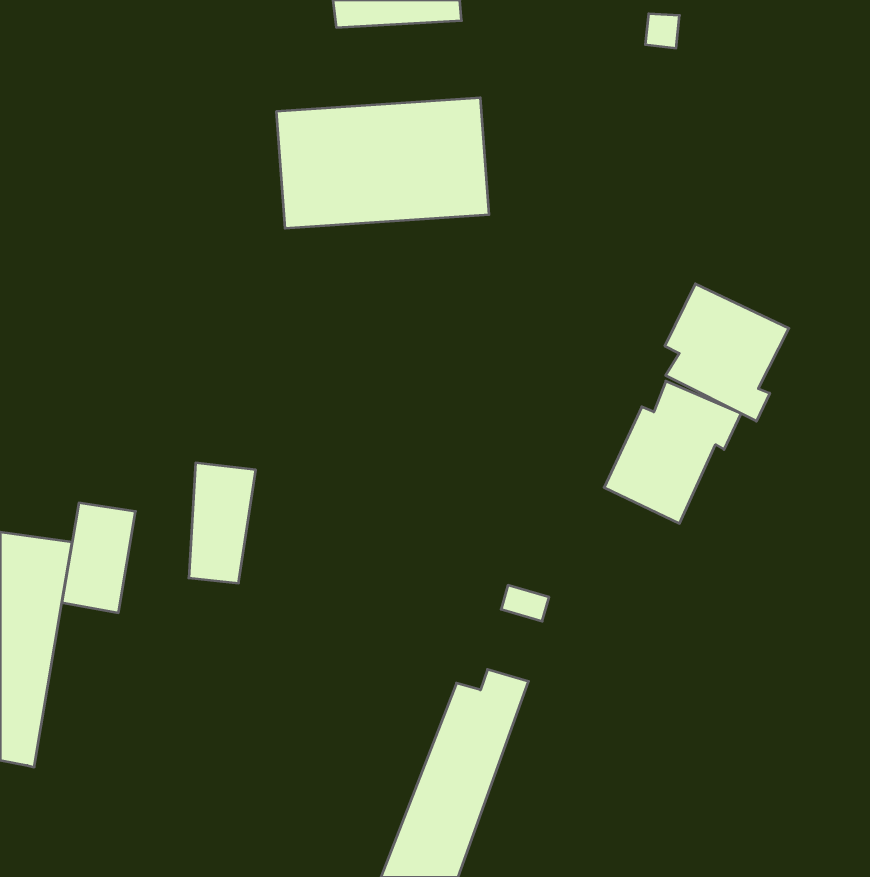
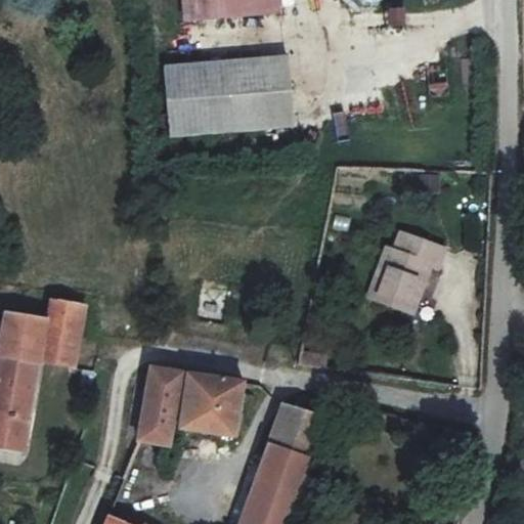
building: [665,284,789,421] -> none
building: [189,463,256,583] -> [137,374,177,445]
building: none -> [176,379,238,433]

